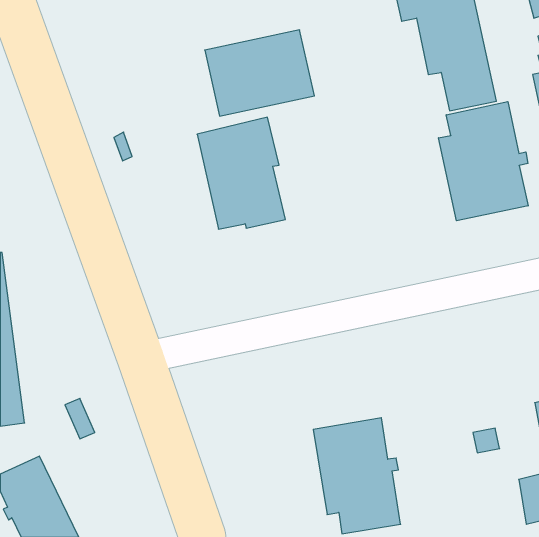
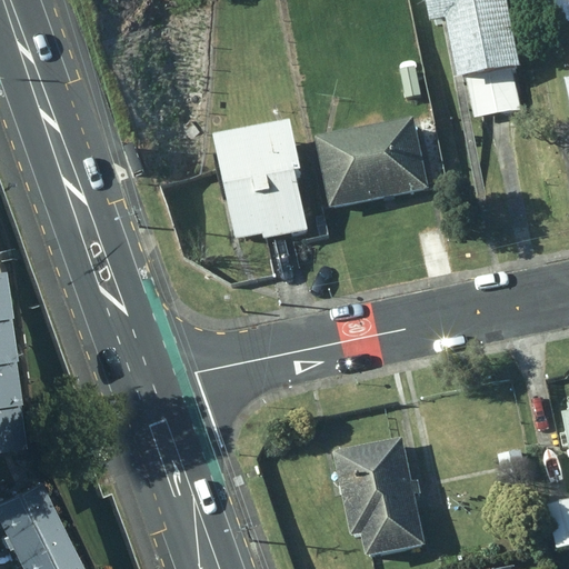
building: [205,30,314,116] -> [312,117,427,207]
building: [439,102,528,221] -> none

